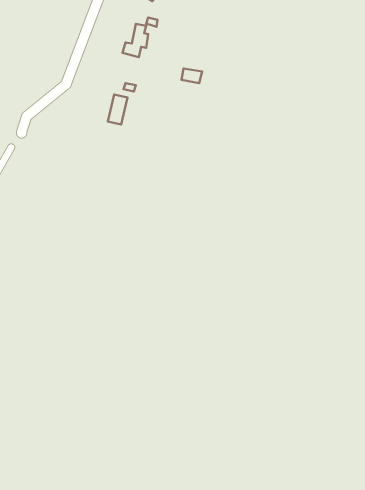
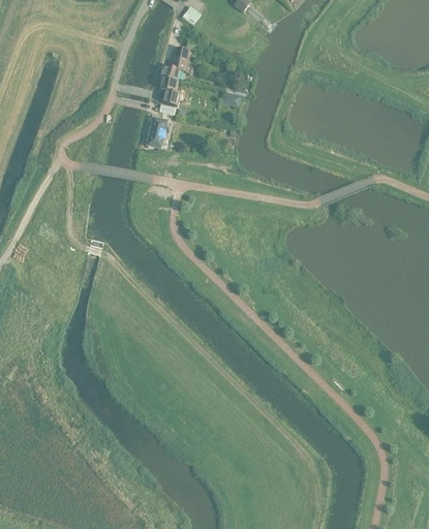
building: none -> [158,76,177,105]

